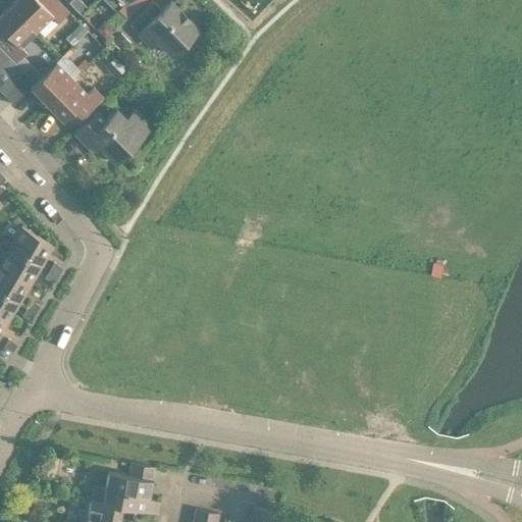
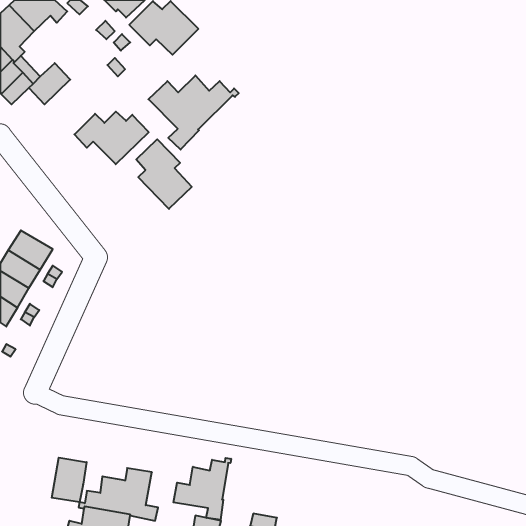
building: none -> [148,75,239,150]
building: [46,81,103,125] -> none
building: none -> [136,139,192,209]
building: none -> [52,458,87,502]
building: none -> [173,458,231,520]

